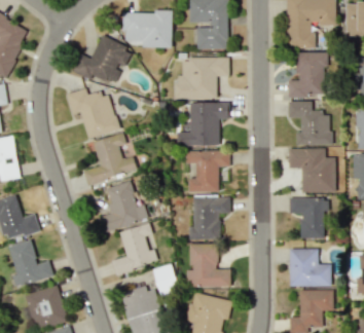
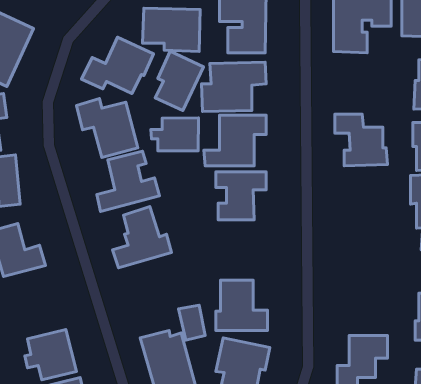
building: none -> [155,51,204,111]
building: [288,51,327,96] -> none
building: none -> [151,118,198,151]
building: [289,147,335,191] -> none
building: [189,195,230,239] -> none
building: [289,196,327,237] -> none
building: [112,223,157,272] -> none
building: [8,238,53,286] -> none
building: [289,248,331,286] -> none

